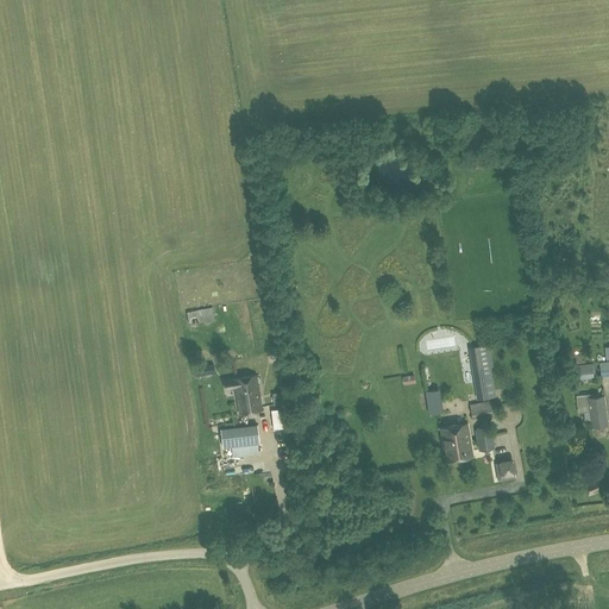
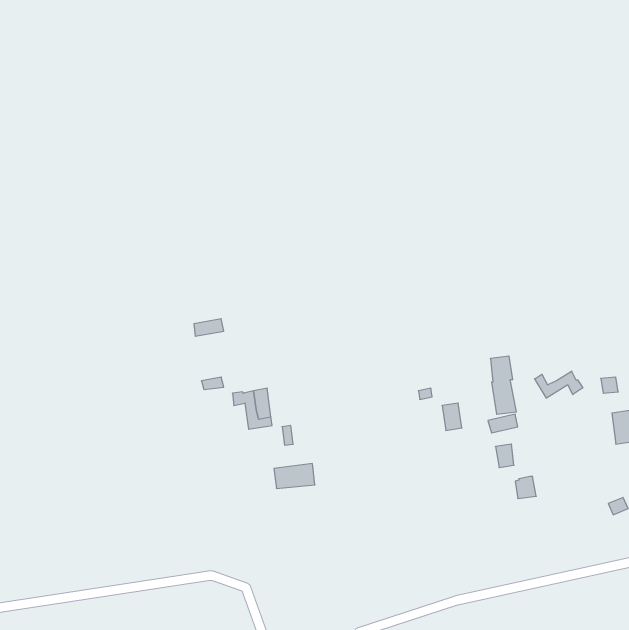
building: none -> [535,371,583,398]
building: [440,423,472,462] -> none
building: [220,425,259,448] -> [274,464,315,488]

